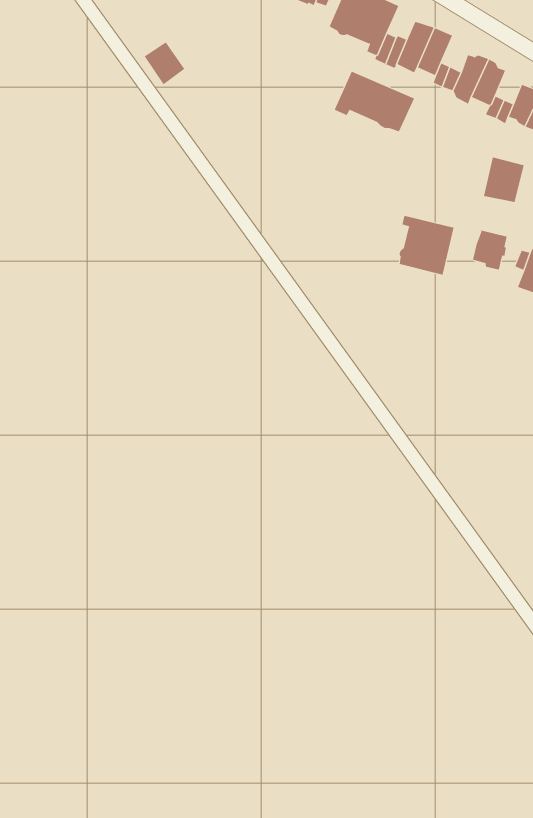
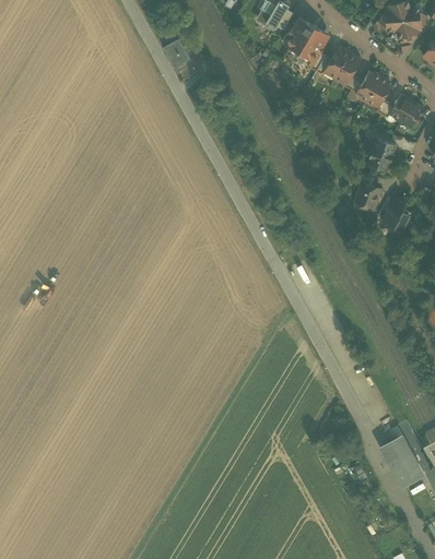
building: [334,71,415,132] -> none
building: [399,215,454,275] -> none

